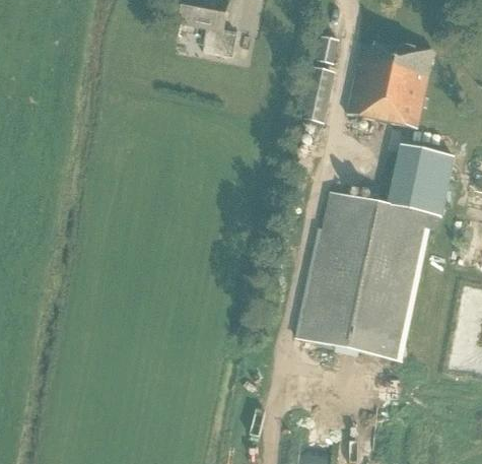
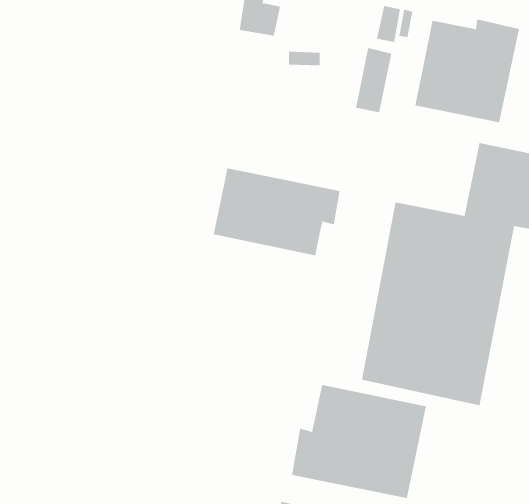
building: none -> [213,168,340,256]
building: none -> [291,384,427,499]

